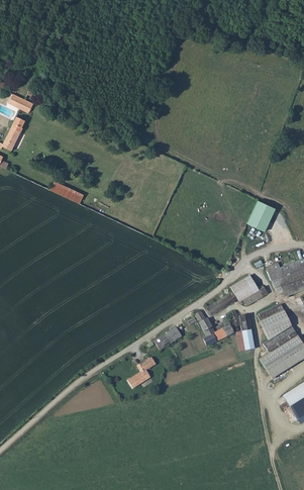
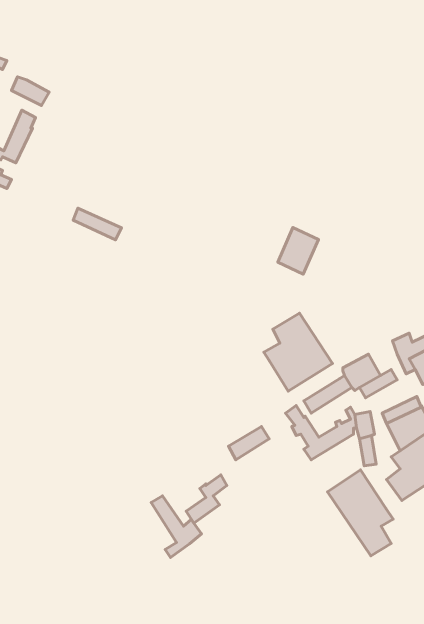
building: [247,198,275,229] -> [278,227,318,274]
building: none -> [264,313,332,391]
building: none -> [327,470,393,556]
building: none -> [151,496,201,558]

